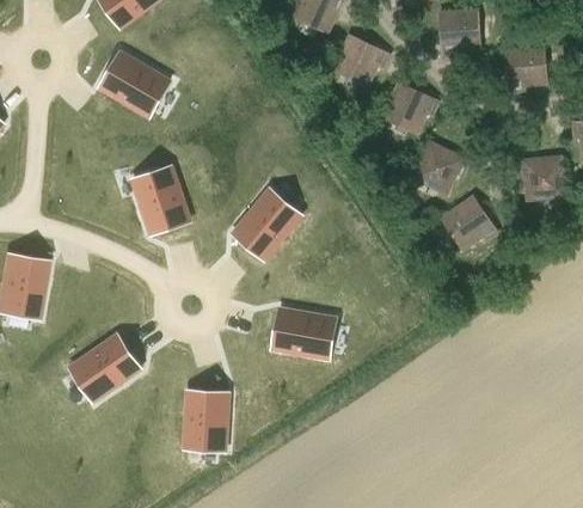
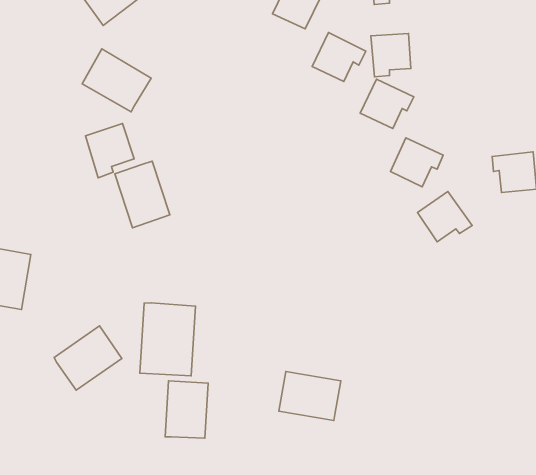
building: [440,11,480,55] -> [371,33,411,77]
building: [507,45,547,92] -> none
building: none -> [85,124,134,178]
building: [233,189,301,259] -> none
building: [272,308,336,359] -> [279,371,341,421]
building: none -> [140,303,195,376]

